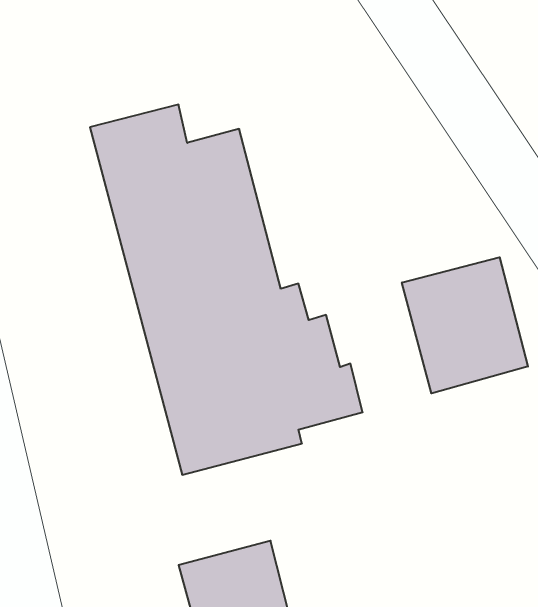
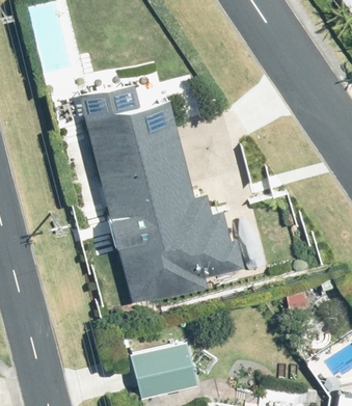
building: [402,257,528,393] -> none

